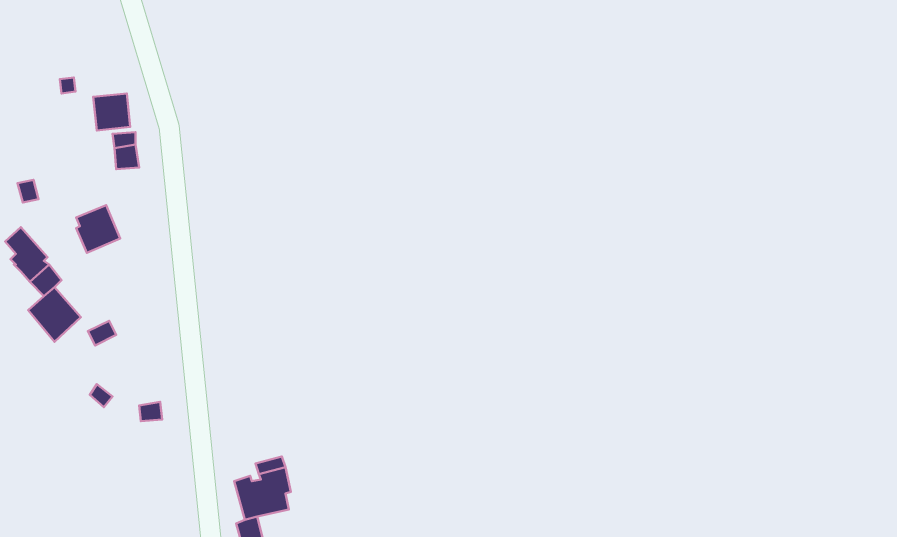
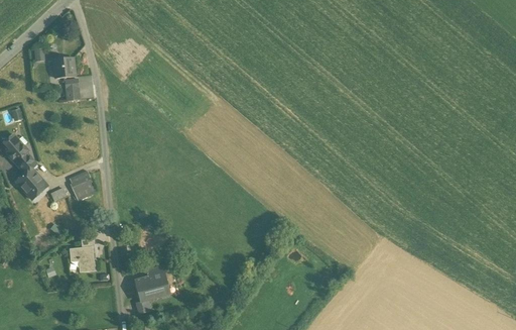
building: [76,205,120,253] -> [71,172,96,199]
building: none -> [70,246,98,272]

